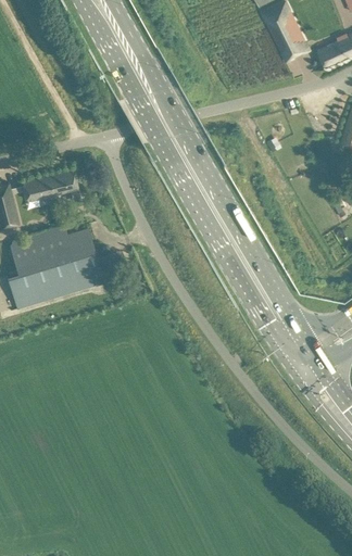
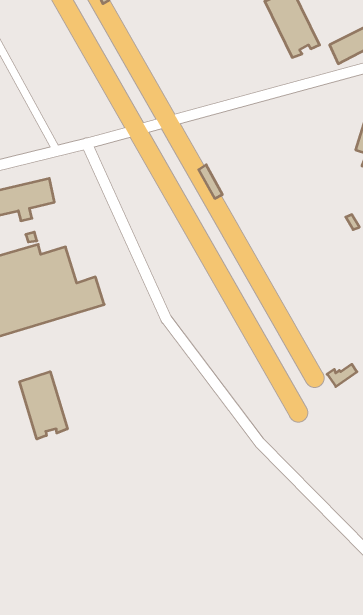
building: none -> [20,372,67,439]

